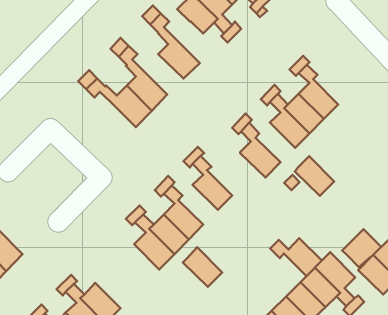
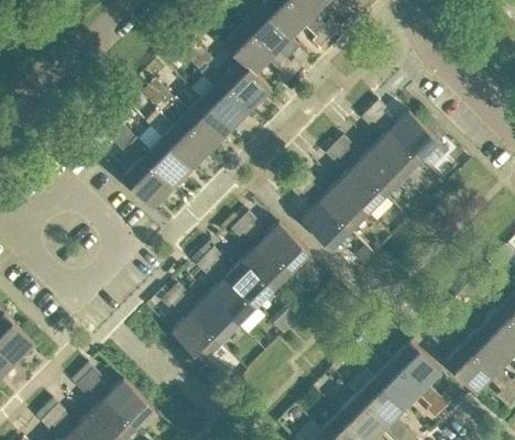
building: none -> [219,60,270,111]
building: none -> [167,99,230,150]
building: none -> [388,112,438,162]
building: none -> [120,158,172,210]
building: none -> [259,223,308,273]
building: [295,156,334,196] -> [318,184,366,232]
building: [342,229,381,267] -> none
building: [270,238,322,276] -> none
building: [183,247,222,287] -> [223,260,272,308]

